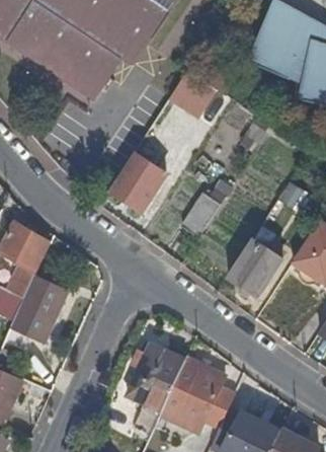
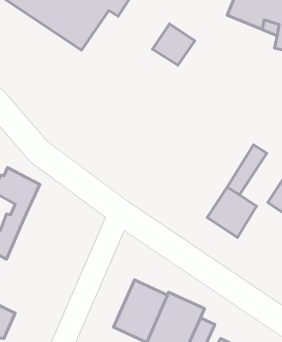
building: [109,153,165,211] -> none
building: [181,194,220,238] -> none
building: [10,278,65,344] -> none

